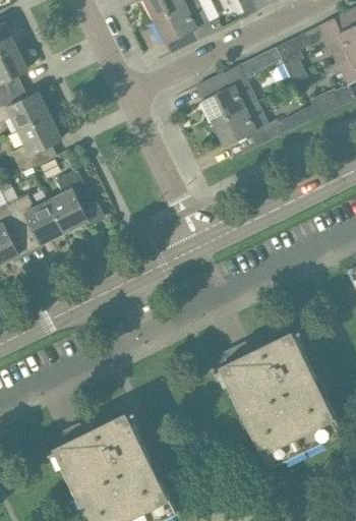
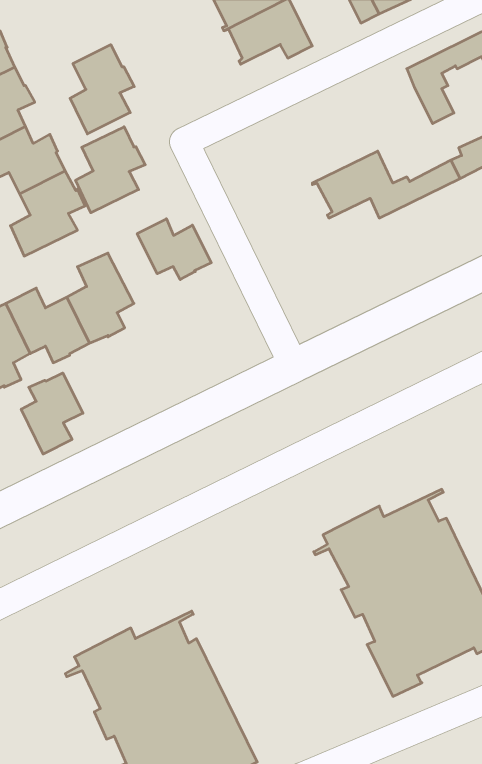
building: none -> [70,45,134,134]
building: [201,49,281,125] -> none
building: none -> [76,127,145,213]
building: none -> [137,219,211,280]
building: none -> [21,373,83,454]

